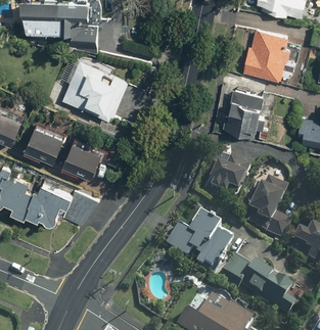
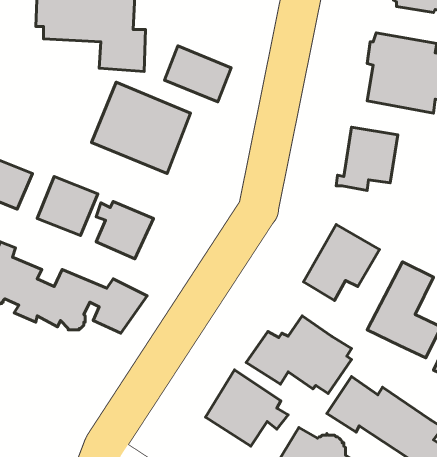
building: none -> [165,46,231,102]
building: none -> [206,370,288,446]

